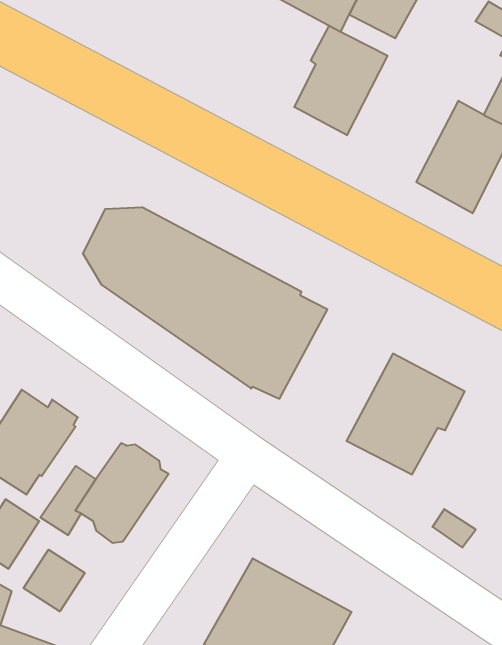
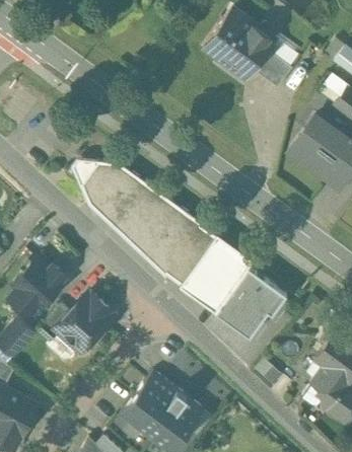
building: [294,26,387,135] -> none
building: none -> [179,233,253,312]
building: [24,550,85,611] -> none

